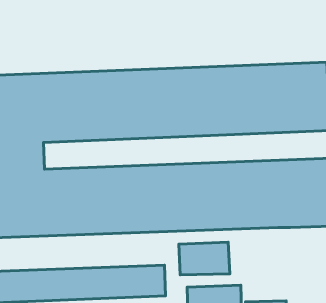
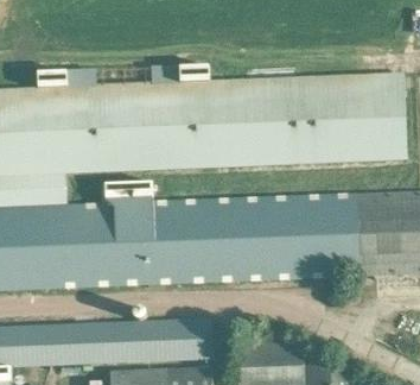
building: [179,242,230,275] -> none

